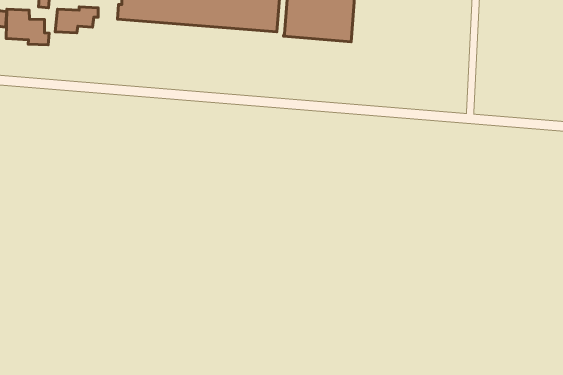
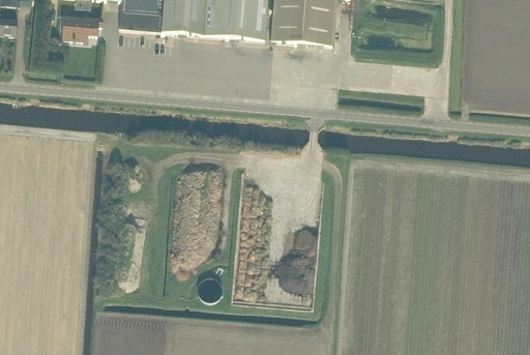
building: [6,9,49,45] -> none

